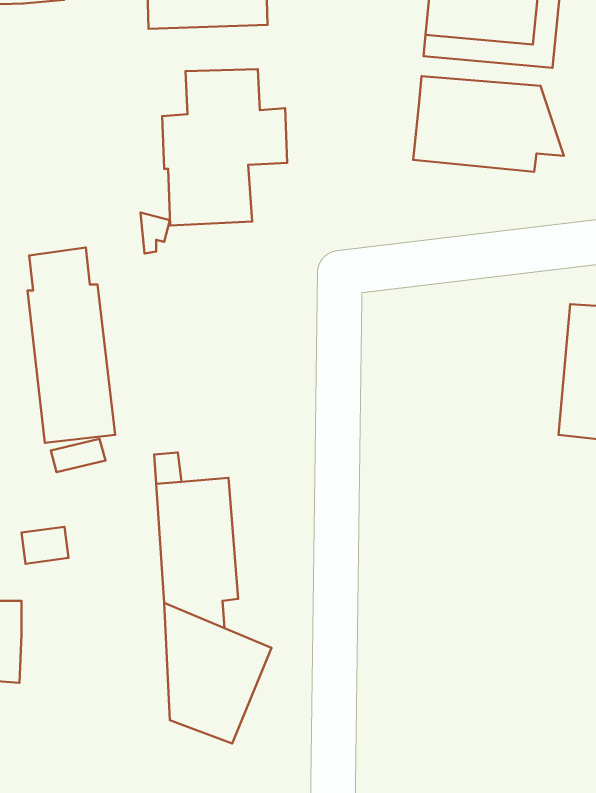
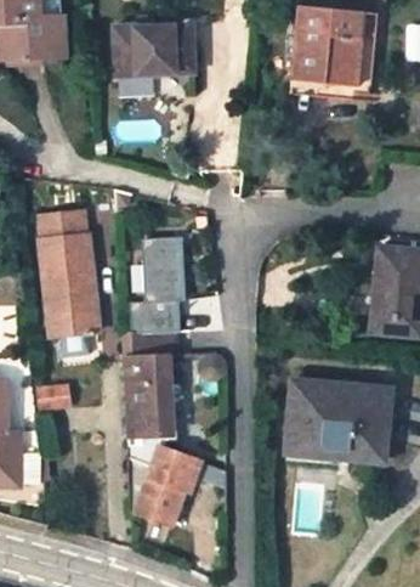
building: [162,69,287,225] -> [127,233,205,331]
building: [413,76,564,172] -> none
building: none -> [289,382,388,459]

